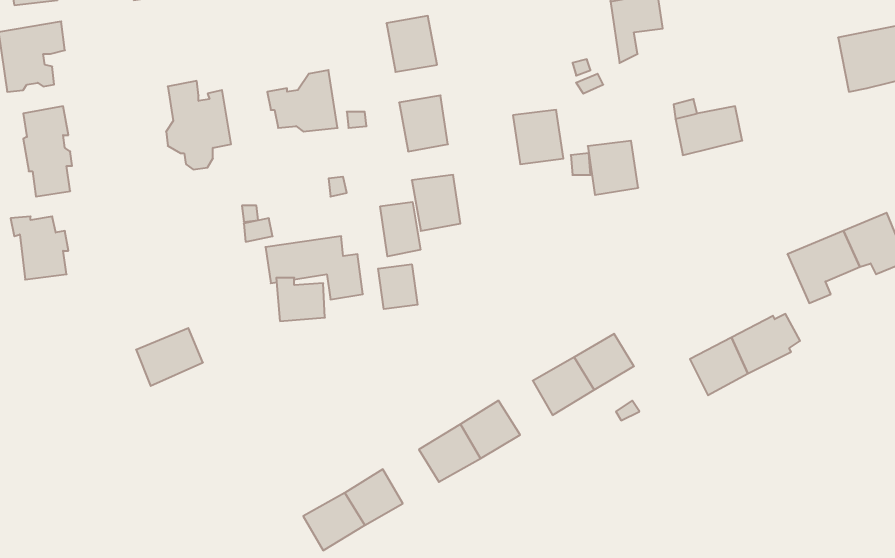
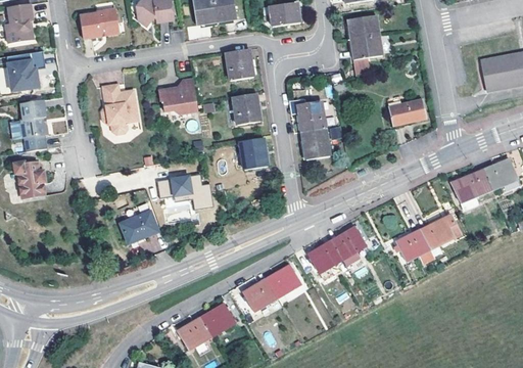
building: [588,141,638,195] -> [301,128,330,158]
building: [380,202,420,256] -> none
building: [378,264,418,309] -> none
building: [136,328,203,386] -> [121,210,158,242]

